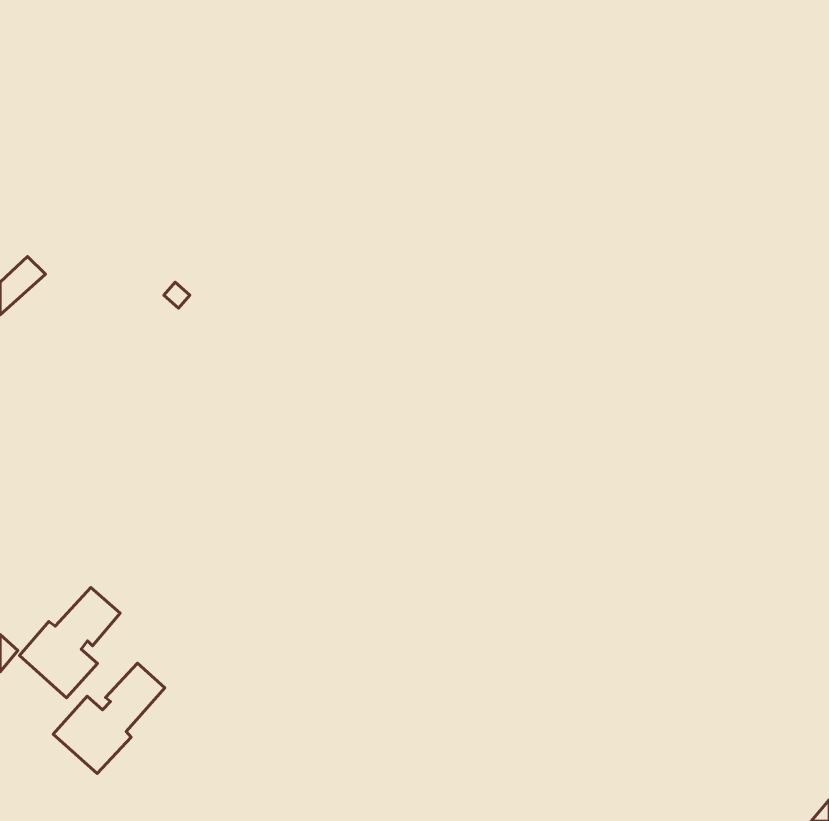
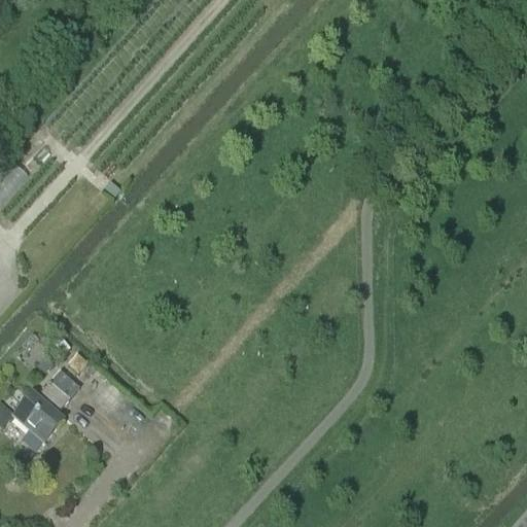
building: [53,663,165,774] -> none

